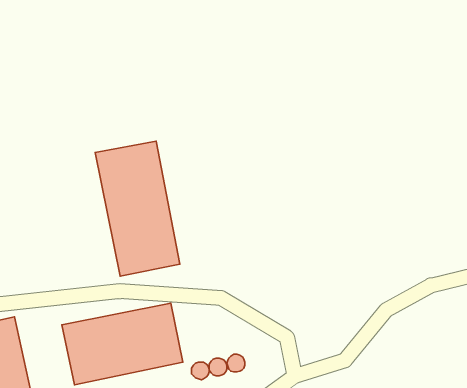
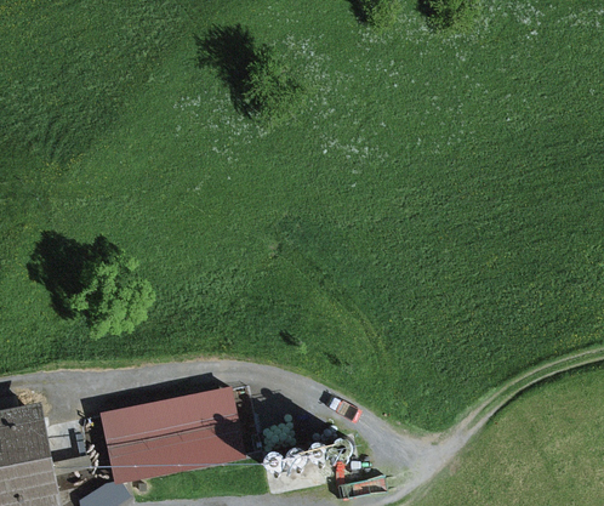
building: [95,141,180,276] -> none

